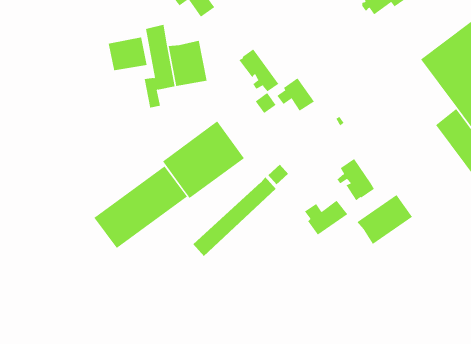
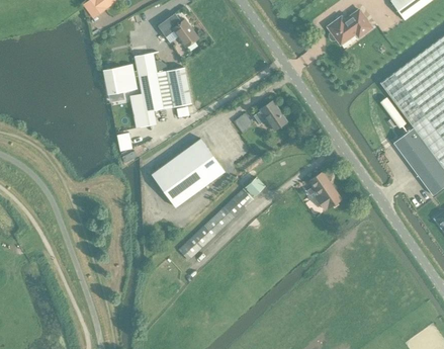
building: [239,48,279,92] -> none
building: [94,165,188,249] -> none
building: [356,194,413,245] -> none
building: [304,200,348,236] -> none

